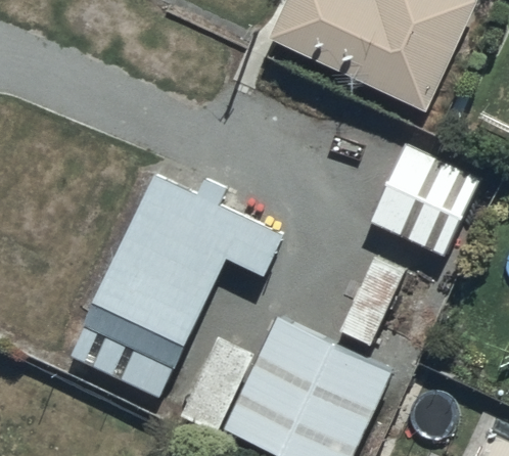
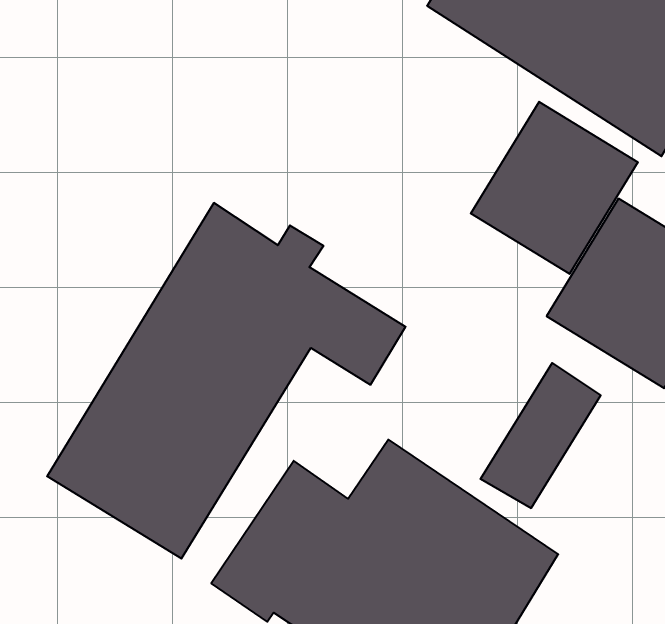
building: none -> [471,102,638,274]

